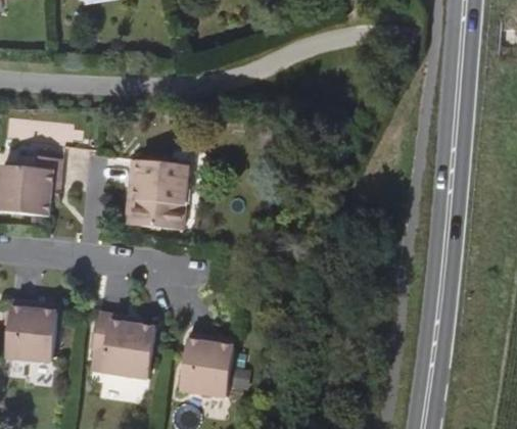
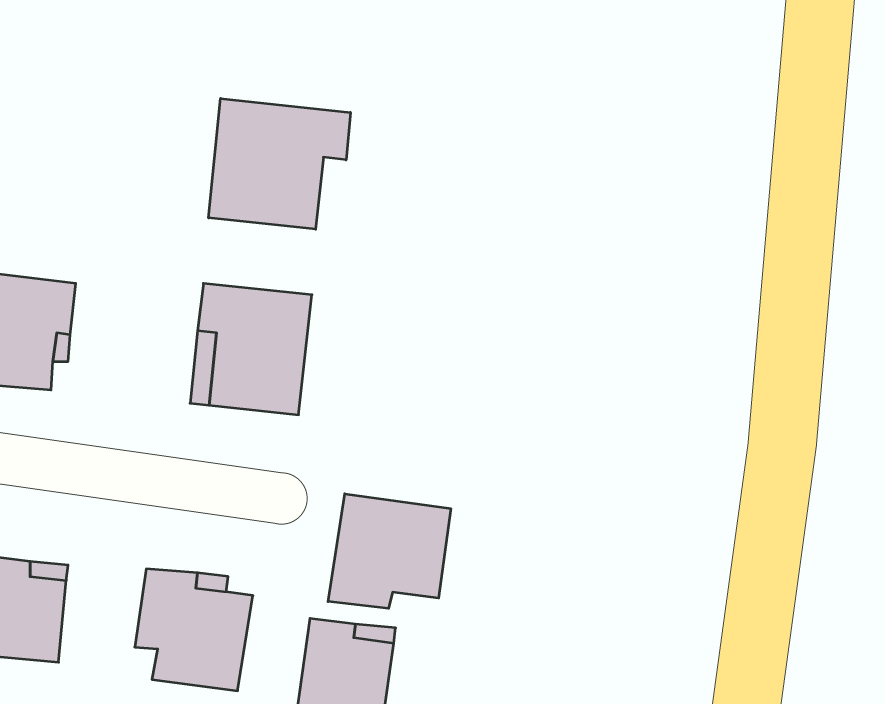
building: none -> [209,98,350,229]
building: none -> [328,494,451,608]

